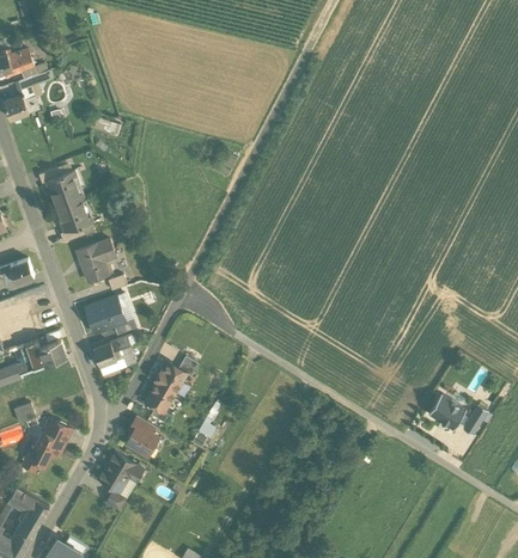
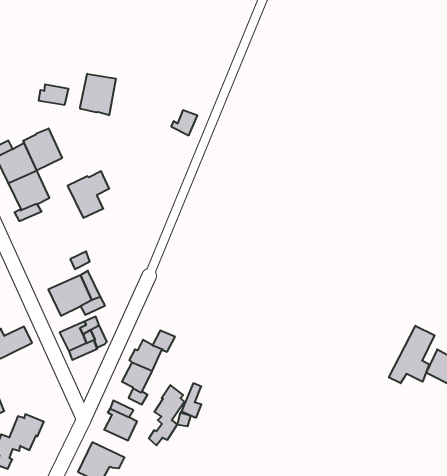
building: none -> [80,74,116,115]
building: none -> [23,128,62,170]
building: [75,239,114,281] -> [68,171,109,218]
building: none -> [389,326,435,383]
building: none -> [149,385,184,445]

